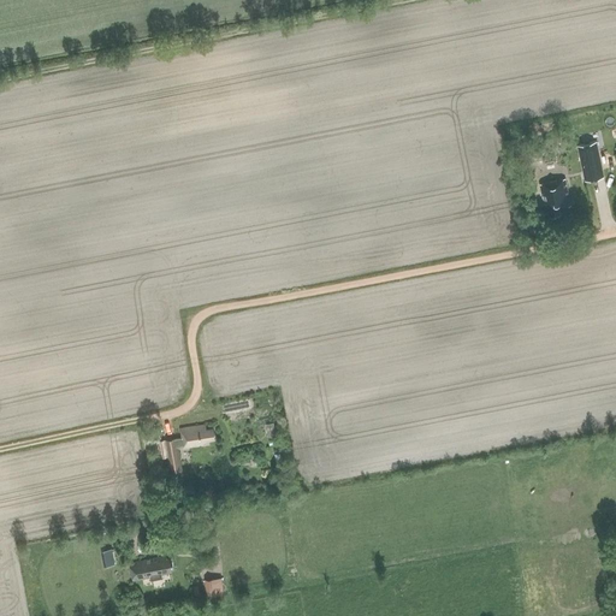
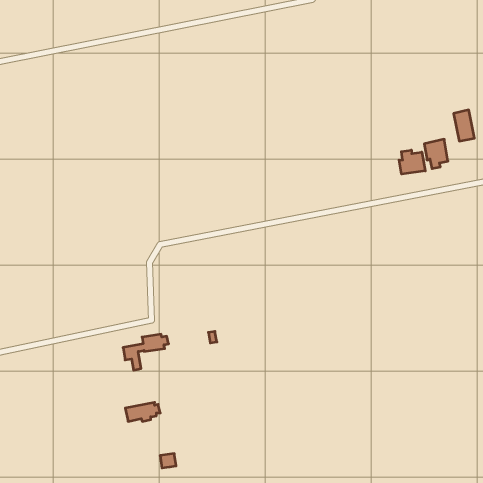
building: none -> [399,150,425,174]
building: [130,555,174,579] -> [125,402,160,421]

